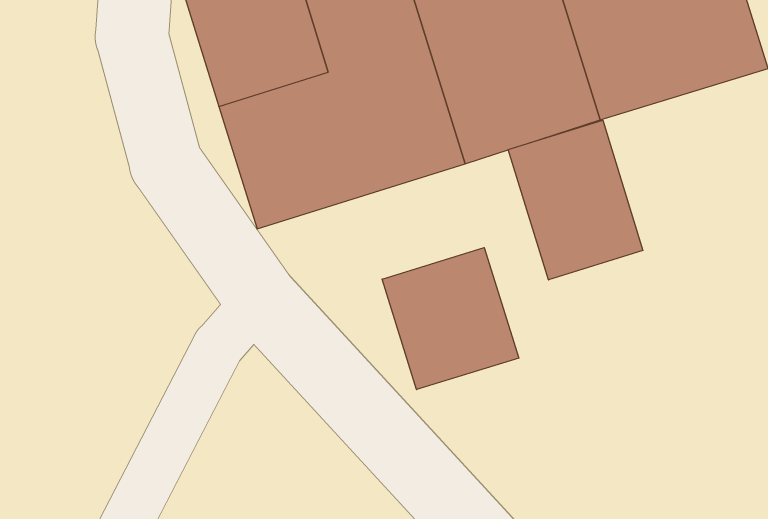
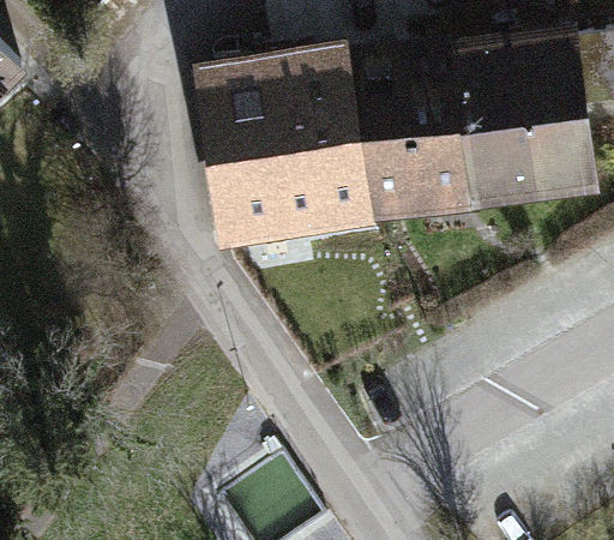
building: [508,120,643,280] -> none
building: [382,248,519,390] -> none

